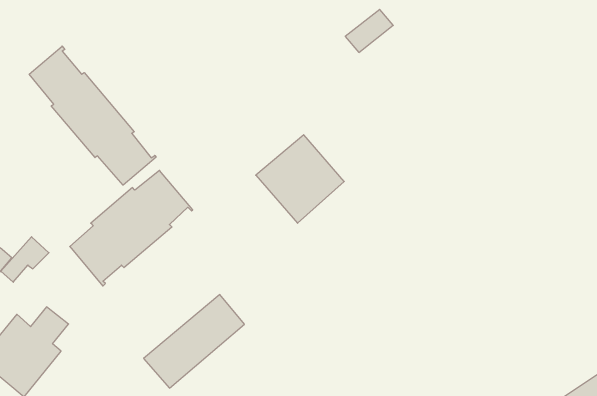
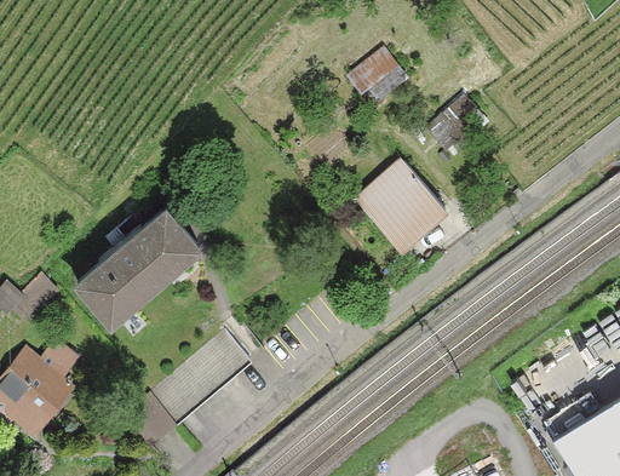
building: [29,46,156,185] -> none
building: none -> [430,99,482,148]
building: [256,135,344,223] -> [357,164,444,251]

